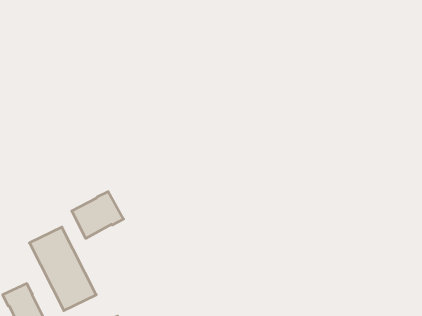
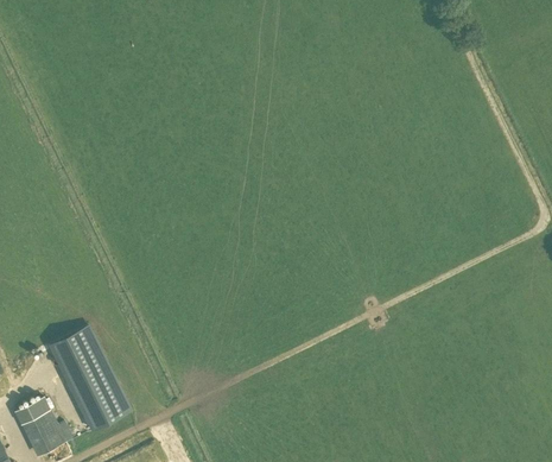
building: [72,192,124,238] -> none

